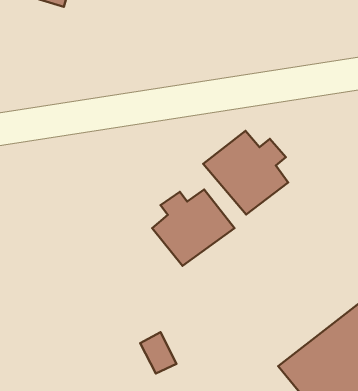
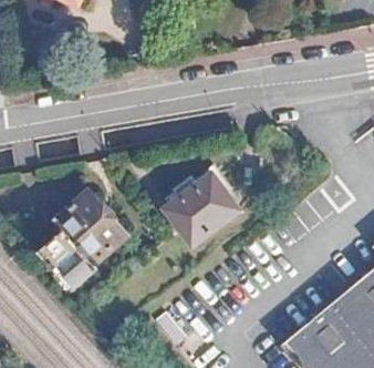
building: [203,131,288,214] -> none
building: none -> [42,193,128,290]

